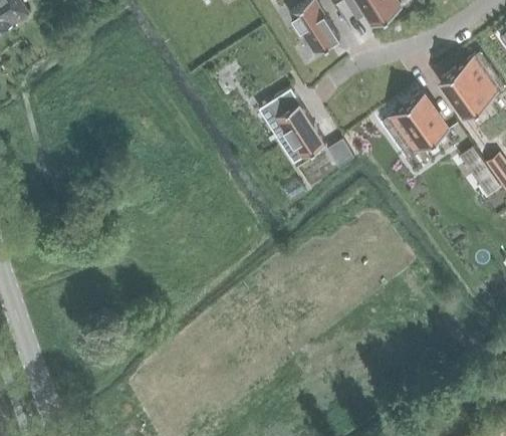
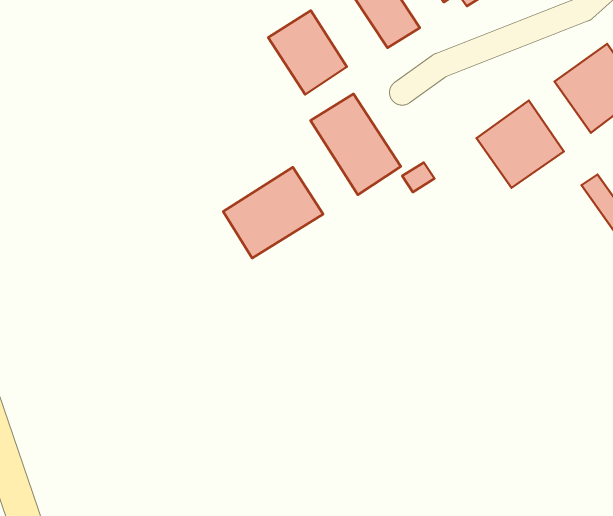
building: none -> [268,10,347,94]
building: none -> [223,167,323,258]

